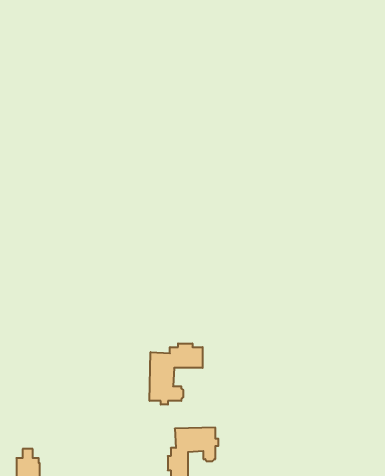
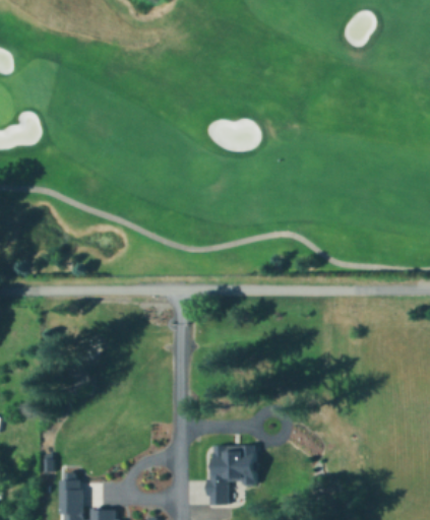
building: [150,343,203,405] -> none

